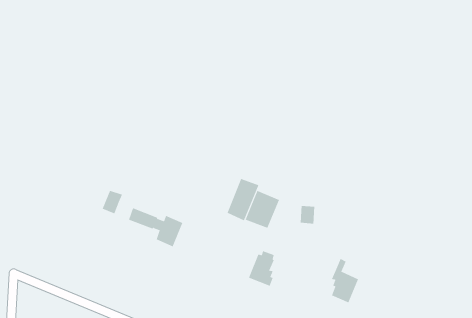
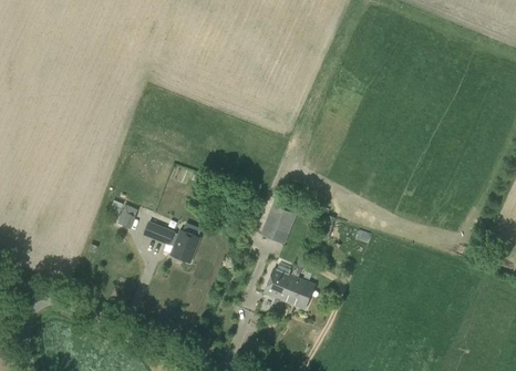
building: [227,178,259,221] -> none
building: [331,258,359,303] -> [287,264,314,309]

